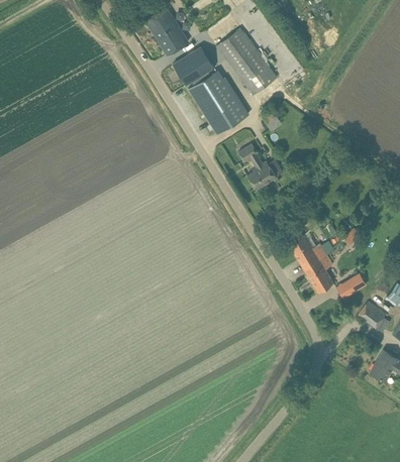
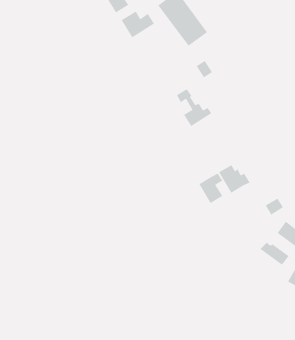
building: [188,68,247,133] -> none
building: [303,254,332,291] -> [198,173,223,204]
building: none -> [260,242,289,266]

